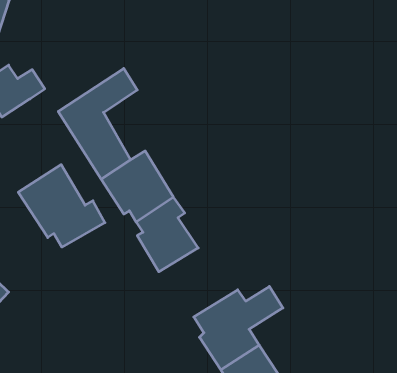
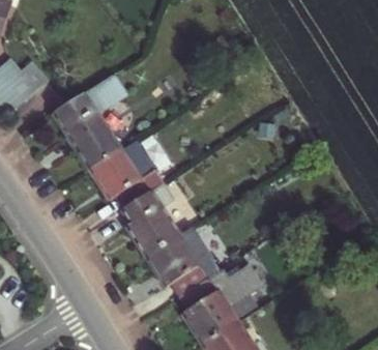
building: [18,165,105,247] -> none
building: none -> [147,228,220,297]

